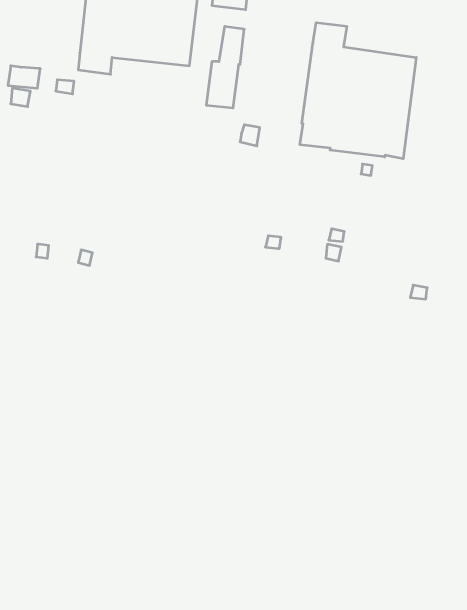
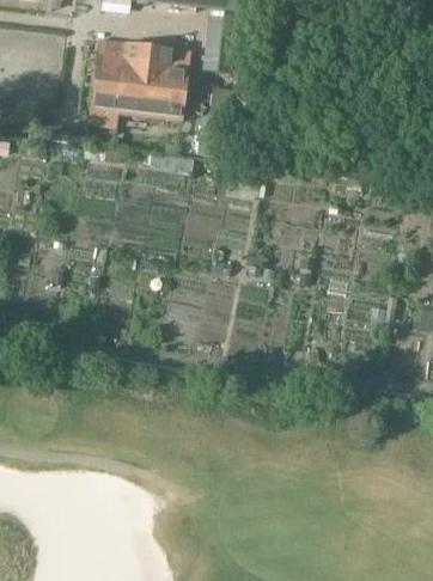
building: [300,23,416,159] -> none

